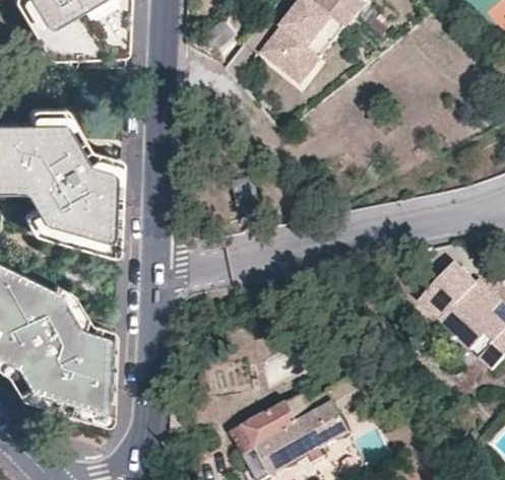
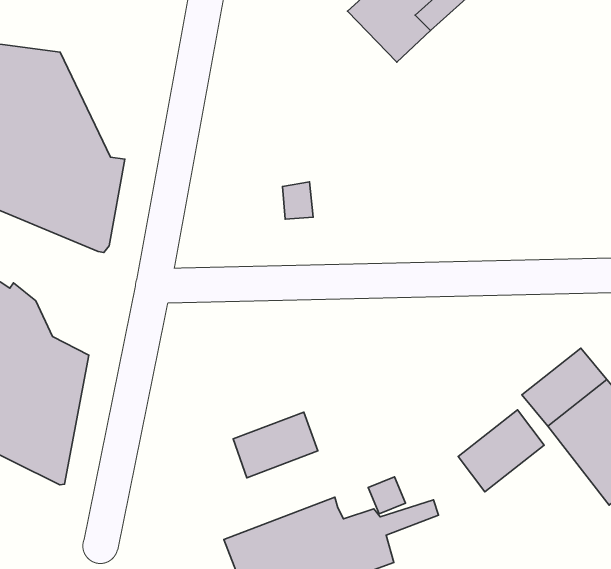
building: none -> [458,410,544,492]
building: none -> [233,412,318,478]

